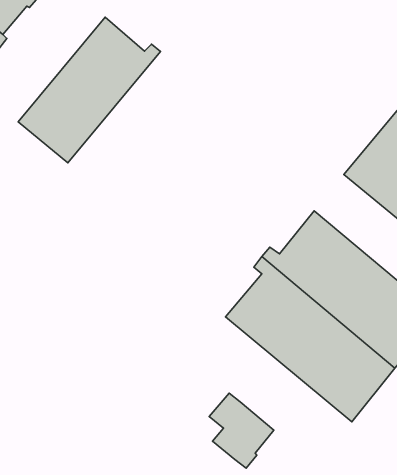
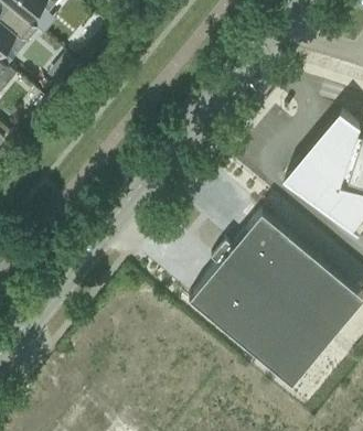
building: [18,17,160,163] -> none
building: [209,393,274,468] -> none

